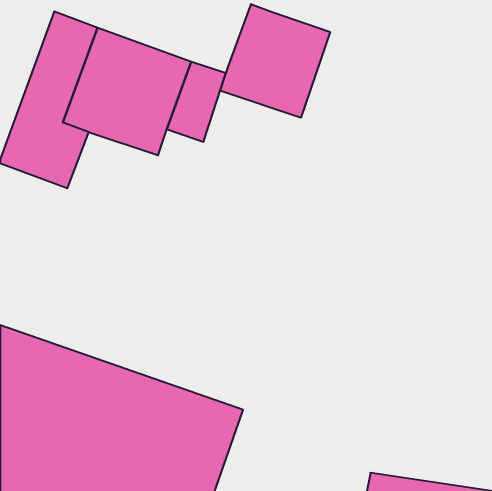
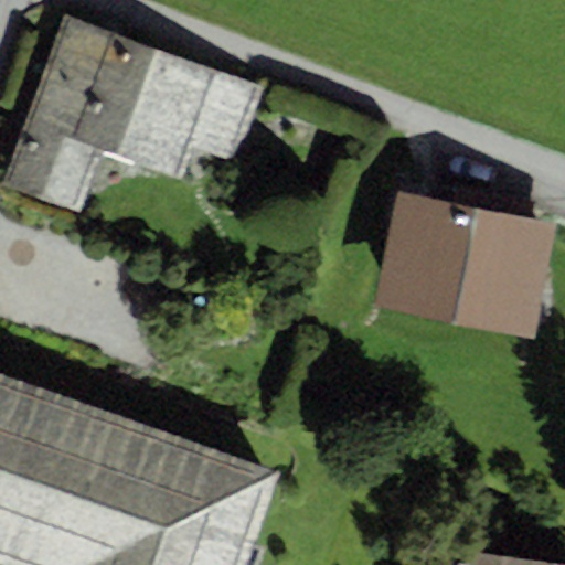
building: [220,4,330,118] -> none
building: none -> [375,188,556,339]

